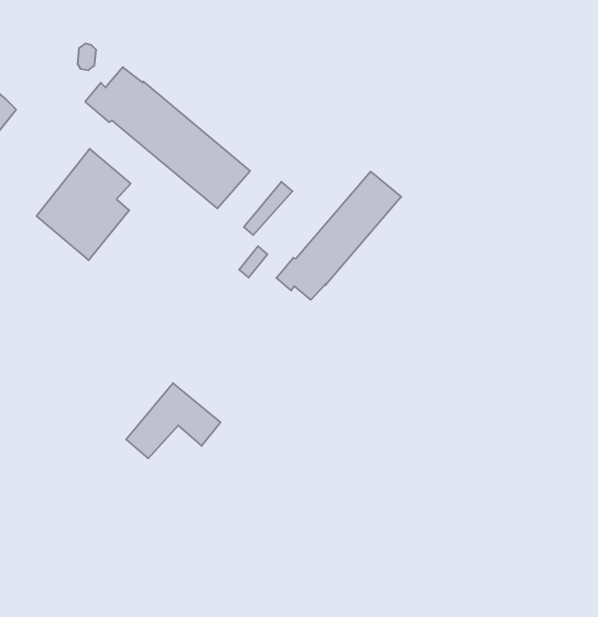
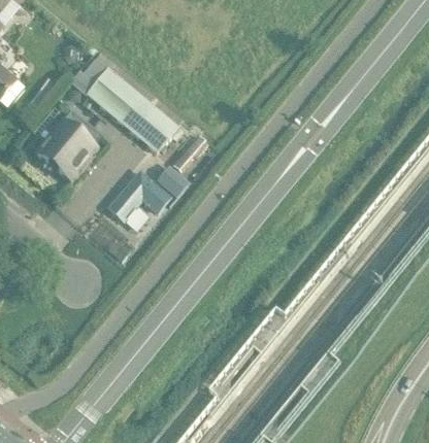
building: [276,172,401,300] -> none
building: [126,383,220,458] -> [108,171,170,220]

